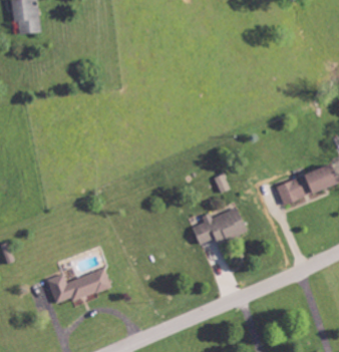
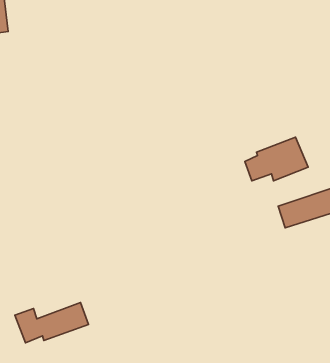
building: [192,206,247,244] -> [245,137,308,181]

